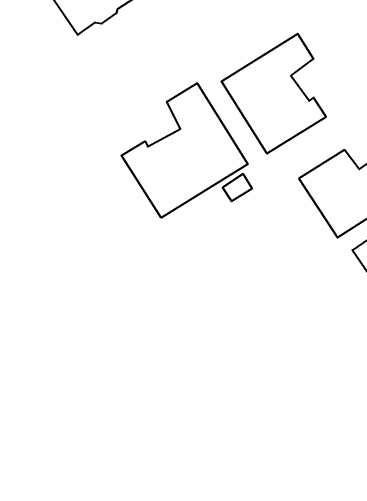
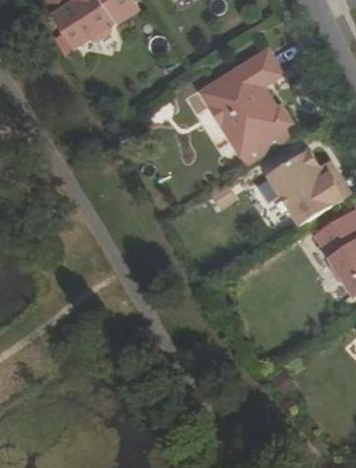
building: [121,83,248,218] -> none

